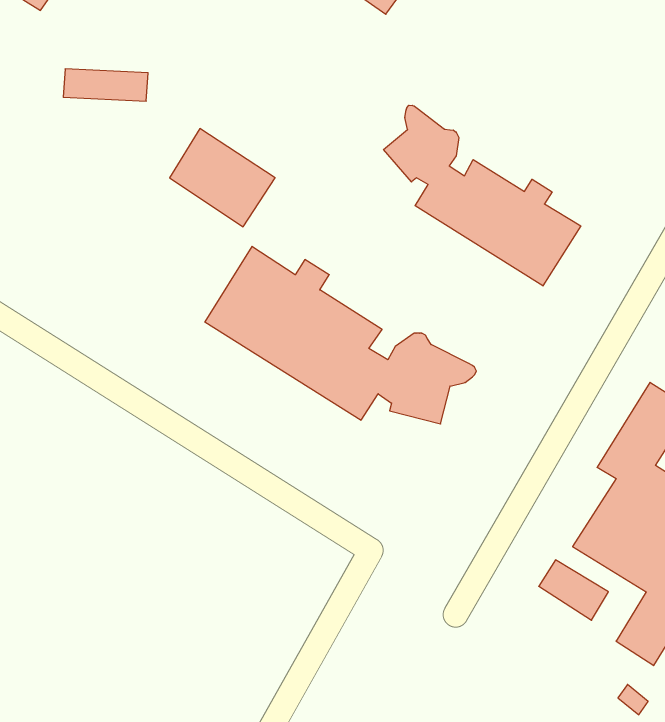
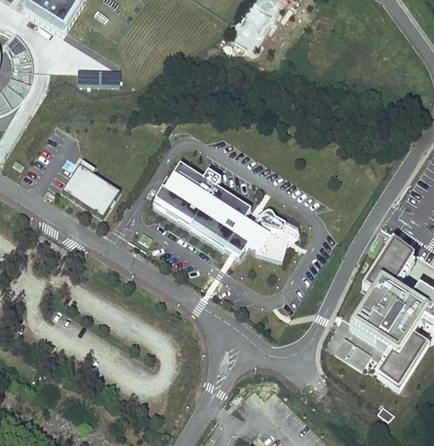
building: [384,105,581,286] -> none
building: [170,129,275,227] -> [62,162,119,215]

